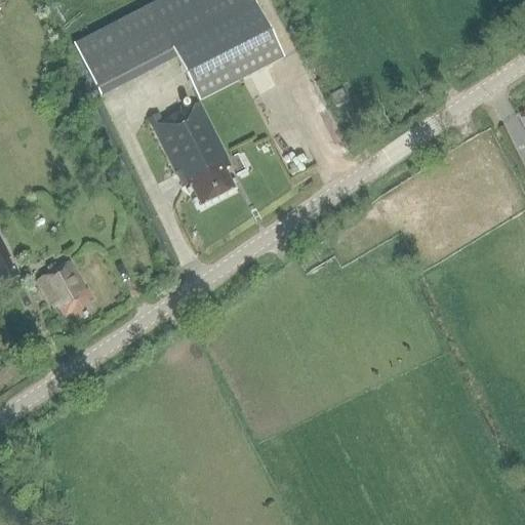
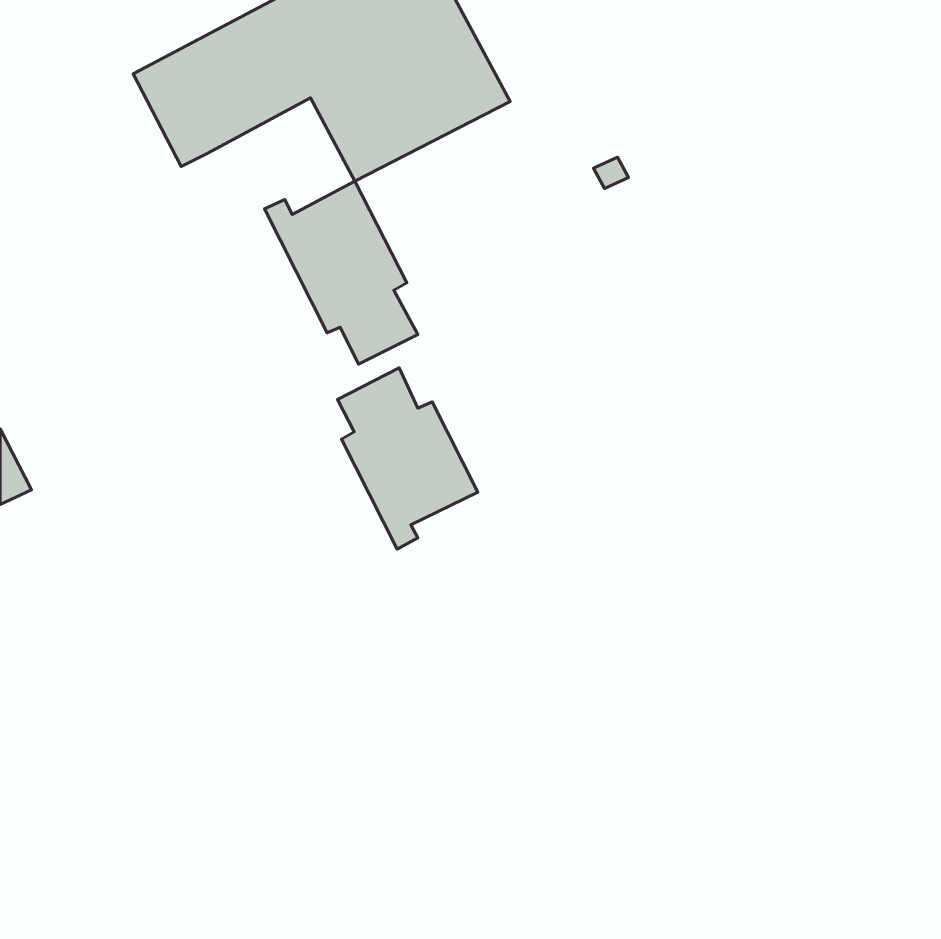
building: none -> [337,368,478,549]
building: [39,260,93,320] -> none

